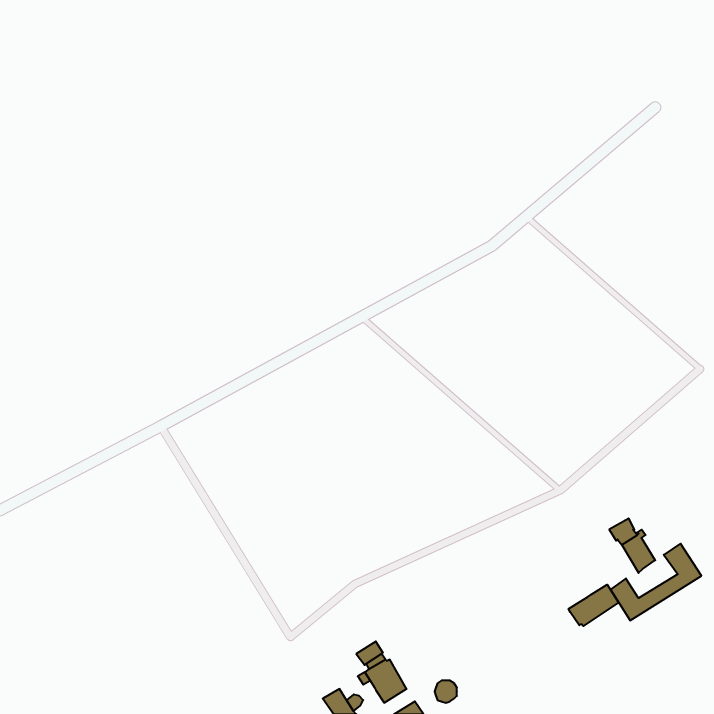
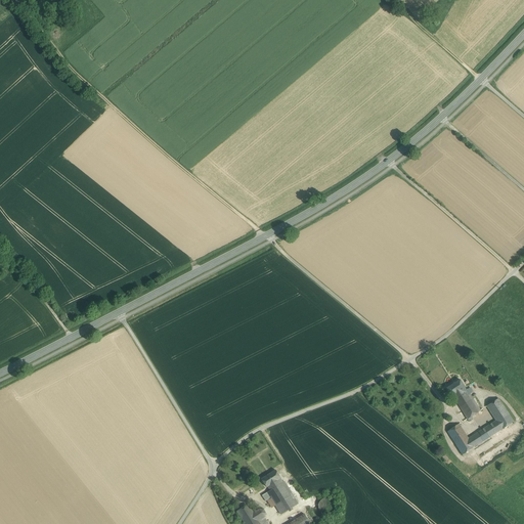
building: [569,585,618,626] -> none

